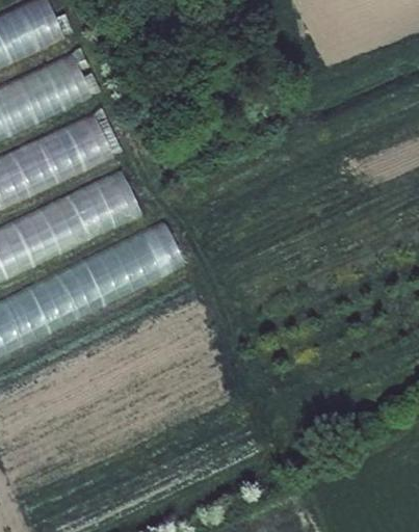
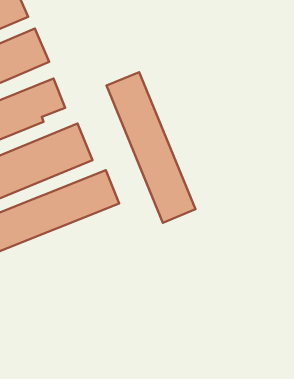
building: none -> [106,72,196,223]

